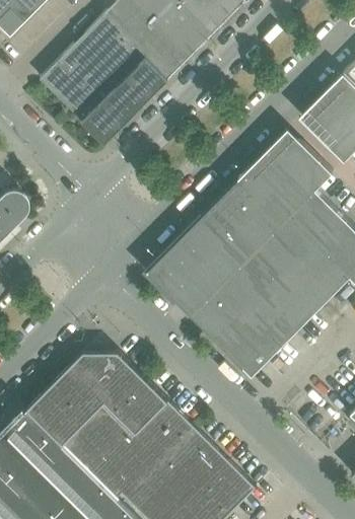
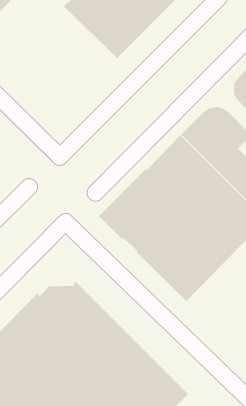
building: [41,16,168,144] -> none

